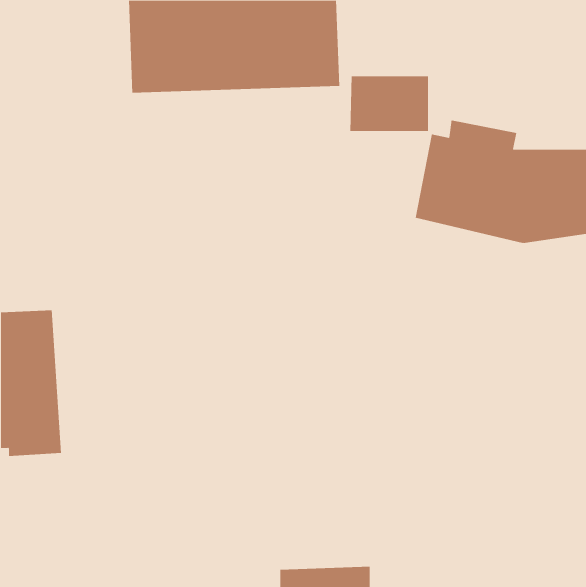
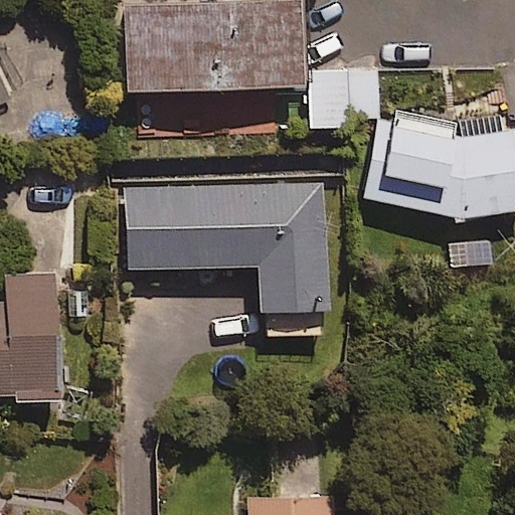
building: none -> [127,189,327,308]

